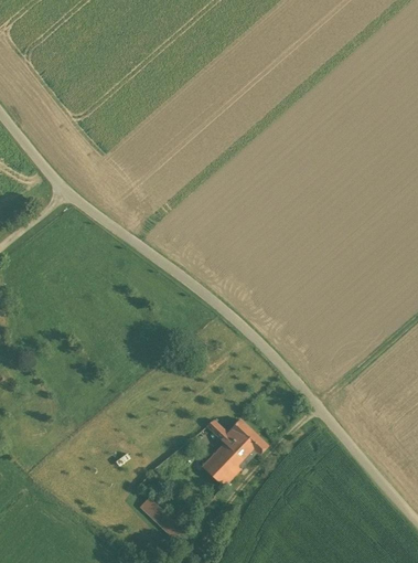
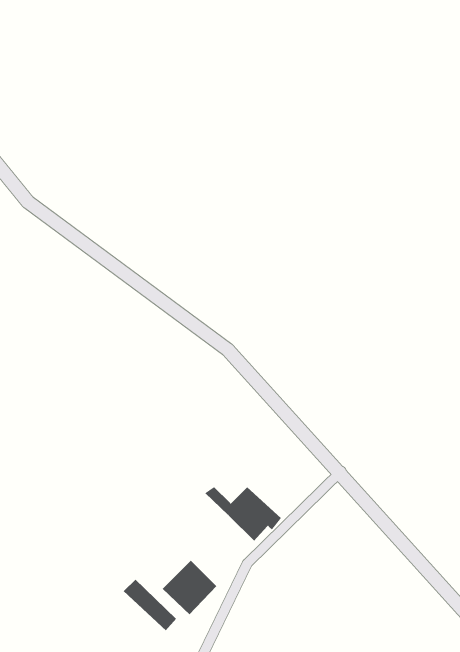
building: [202,443,246,487] -> [162,560,217,615]

